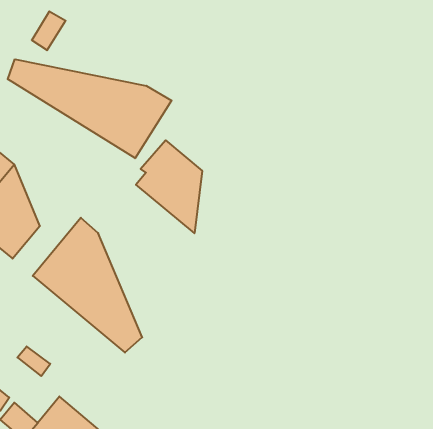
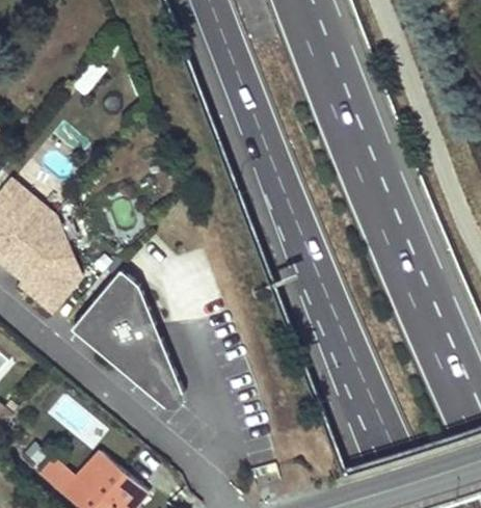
building: [8,59,172,158] -> none
building: [136,140,202,233] -> none

